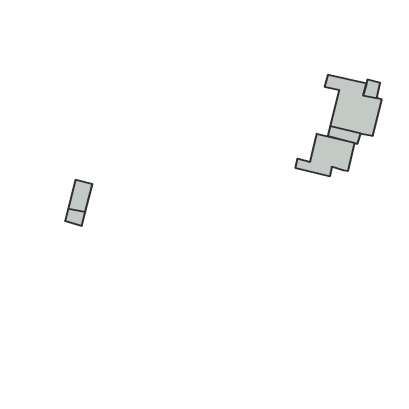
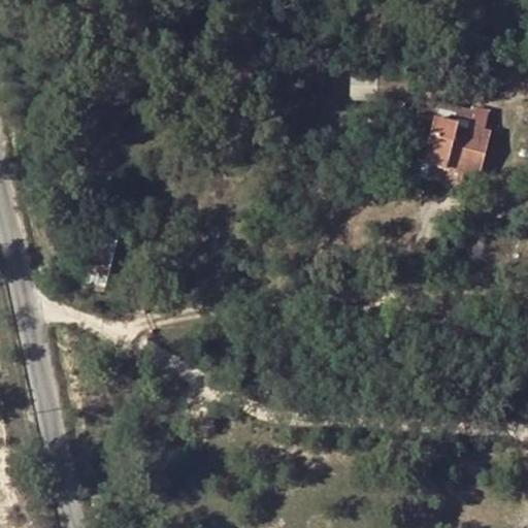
building: [296,134,354,176] -> none

